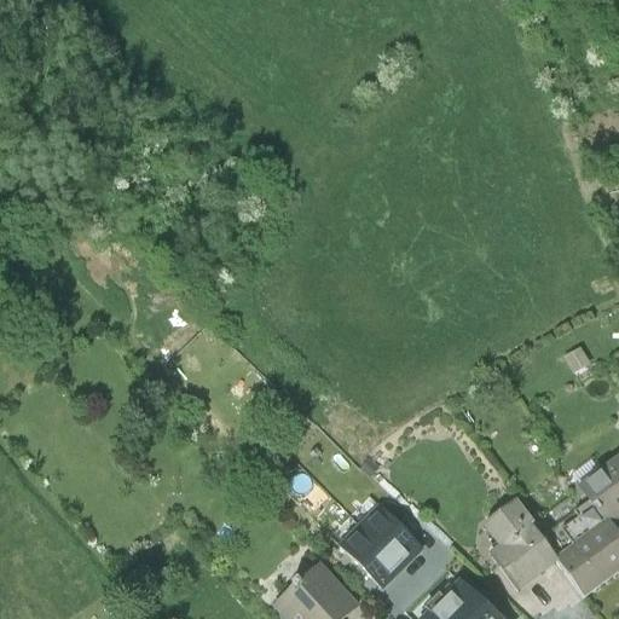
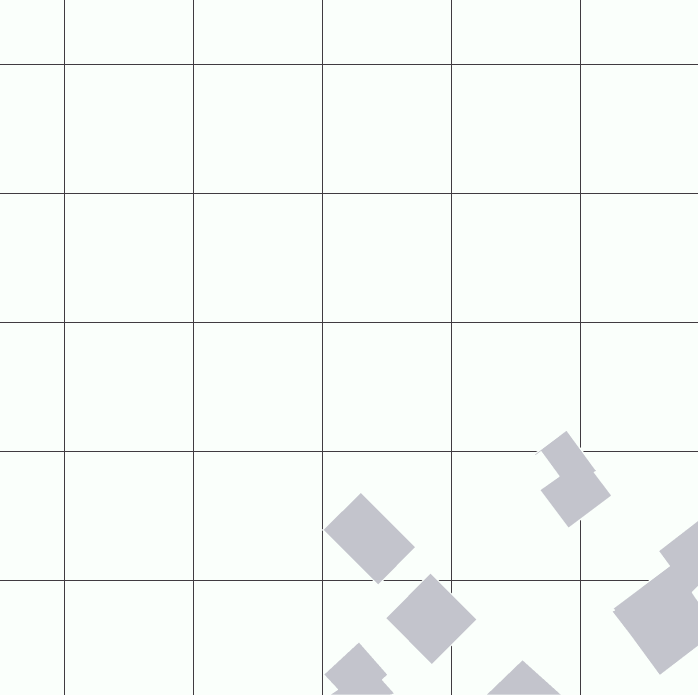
building: none -> [323,492,416,585]
building: [488,502,557,589] -> [534,430,612,528]

